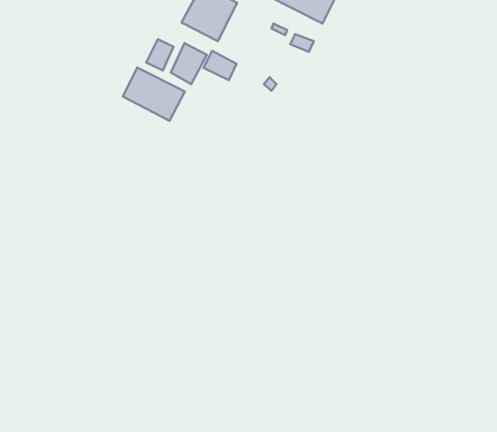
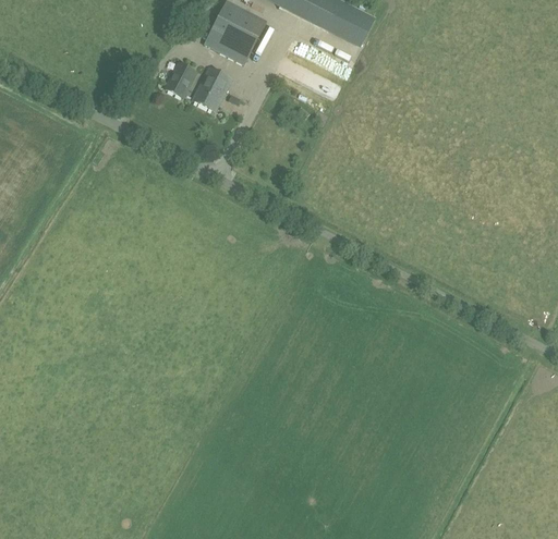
building: [203,51,237,80] -> none
building: [123,68,185,121] -> none

